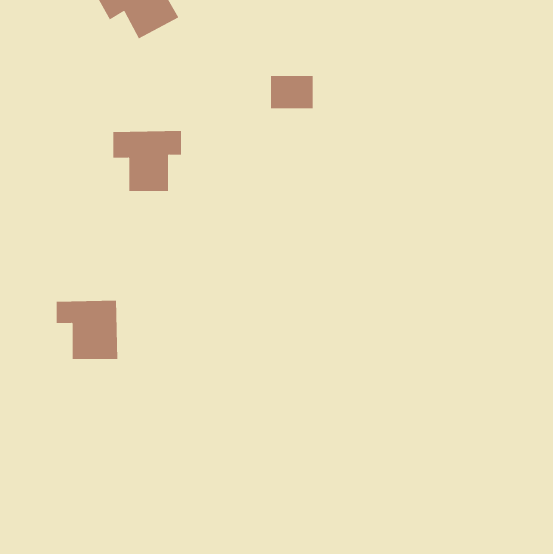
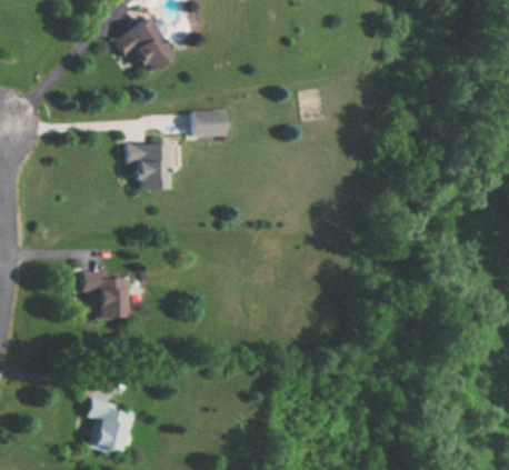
building: [270,75,313,109] -> [192,110,226,136]
building: none -> [87,399,134,453]

